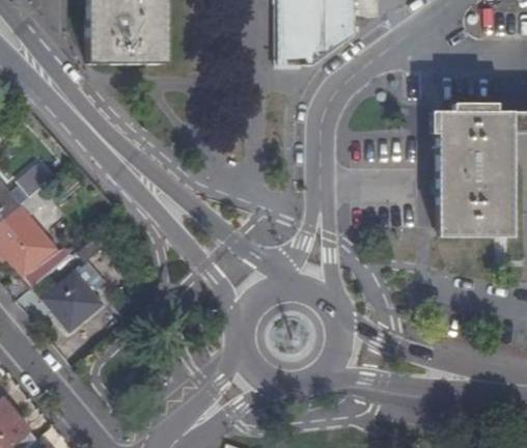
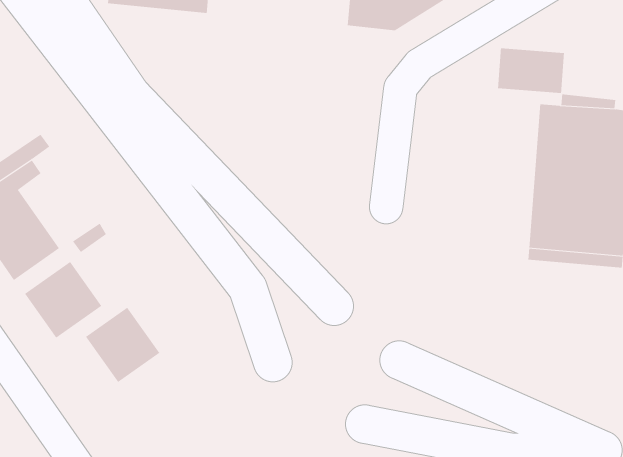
building: none -> [497,47,565,94]
building: none -> [85,307,160,383]

